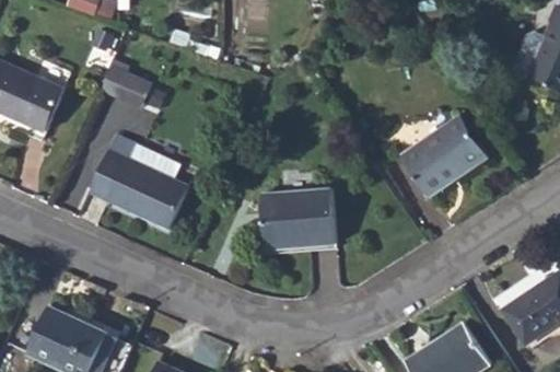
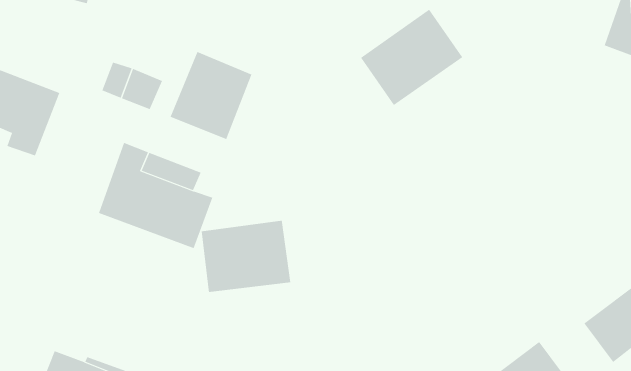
building: none -> [170,51,252,140]
building: [397,115,485,196] -> [360,9,463,106]
building: [260,190,335,248] -> [201,220,291,292]

